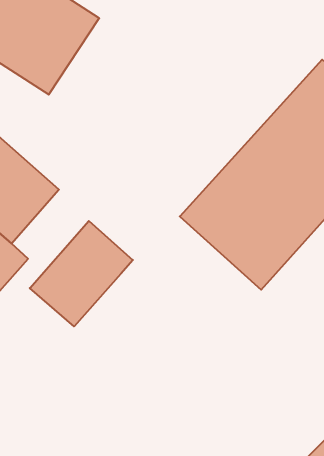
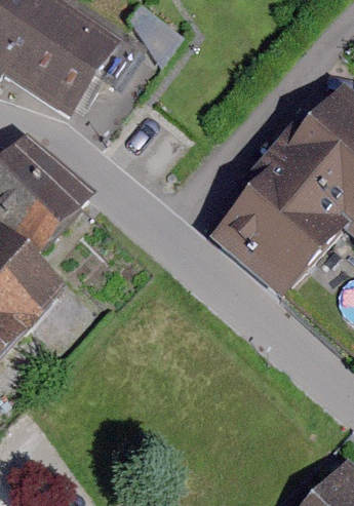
building: [30,221,133,326] -> none

